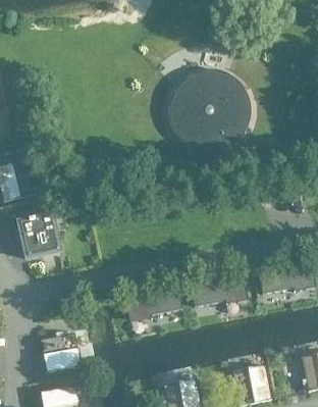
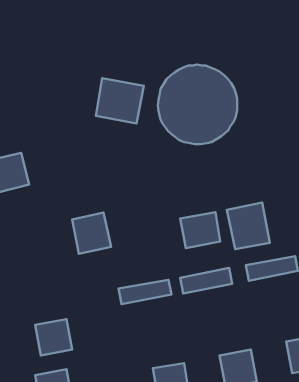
building: none -> [96,78,144,123]
building: none -> [227,203,270,249]
building: [20,215,61,258] -> [72,213,111,254]
building: none -> [180,212,220,248]

